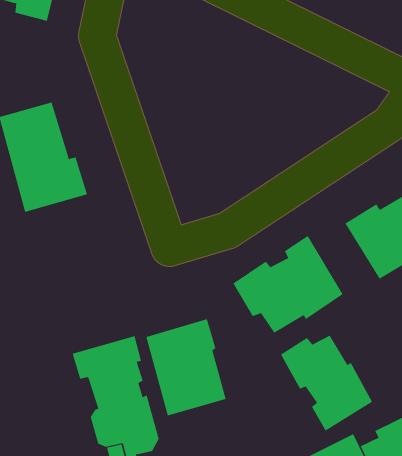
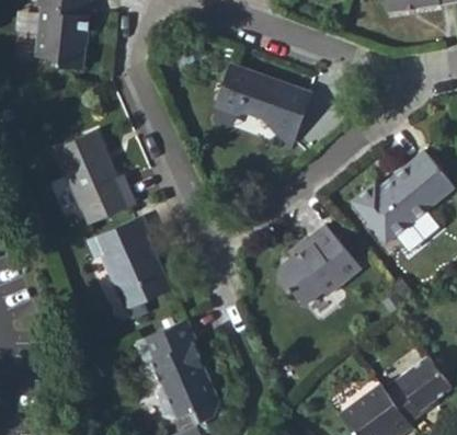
building: none -> [219,66,309,146]
building: [146,319,226,416] -> [94,224,168,309]
building: [280,335,373,431] -> none

